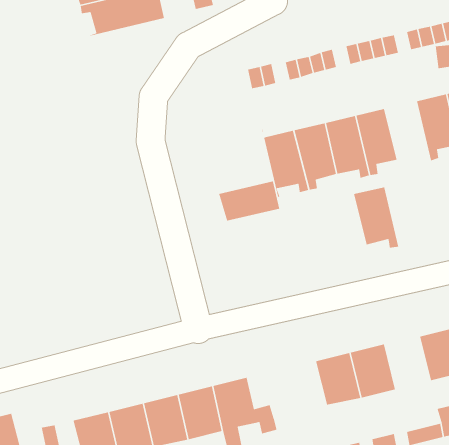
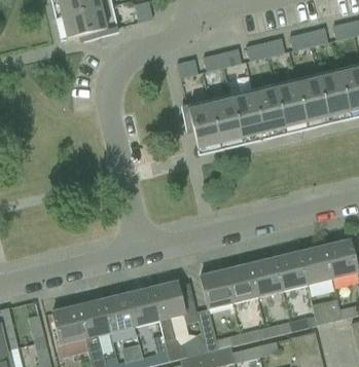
building: [218,181,280,221] -> none
building: [353,186,399,248] -> [275,85,308,130]
building: none -> [275,253,308,291]
building: none -> [200,270,234,308]

